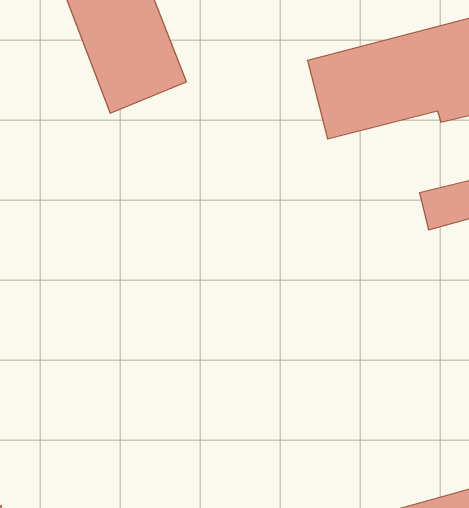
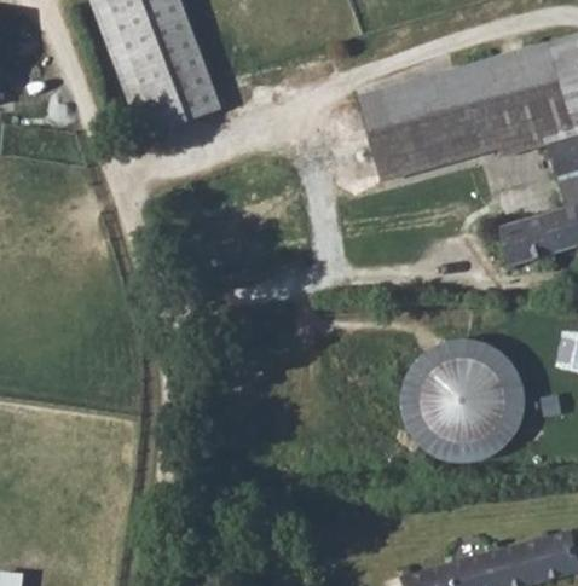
building: none -> [399,331,526,458]

